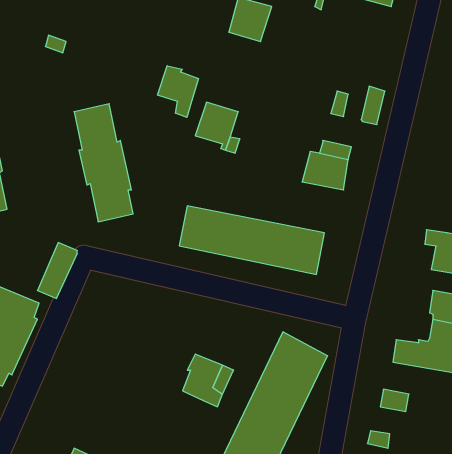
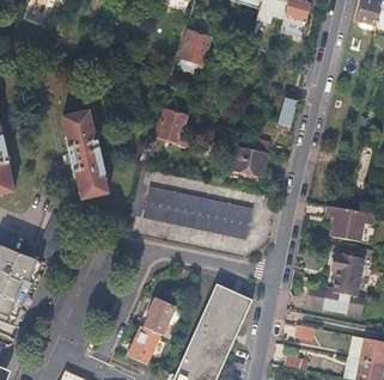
building: [158,66,198,117] -> none
building: none -> [128,325,160,364]

